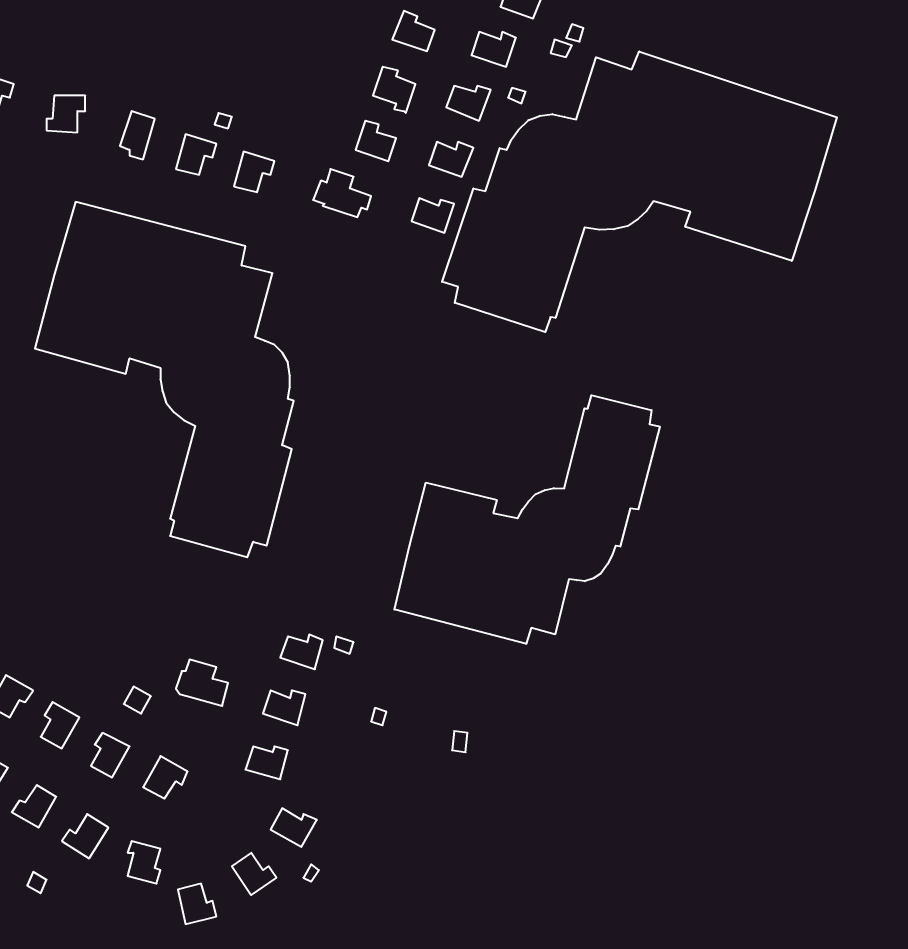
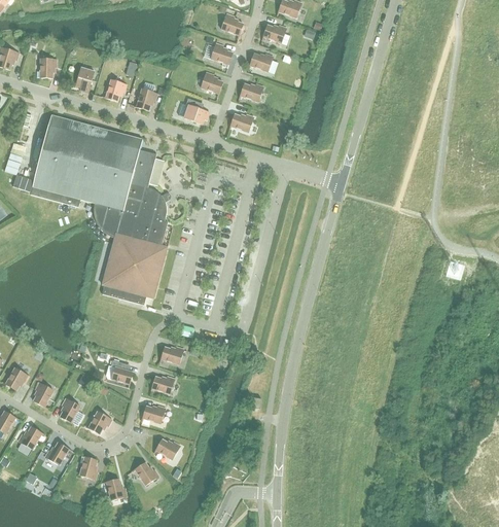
building: [442,51,837,332] -> none
building: [394,395,660,644] -> none

